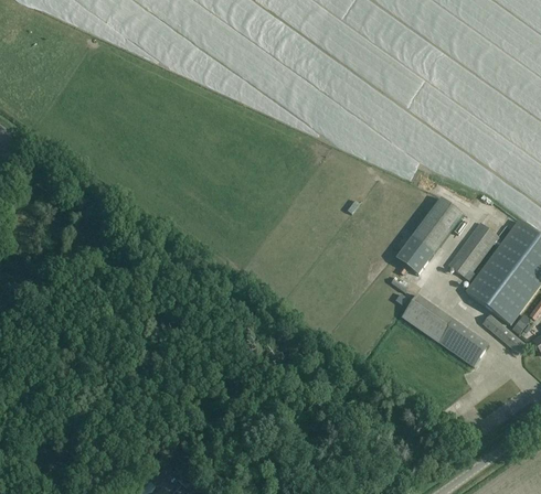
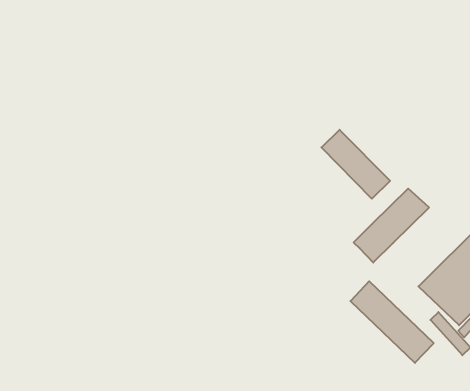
building: none -> [321,130,390,199]
building: [447,222,497,277] -> none

